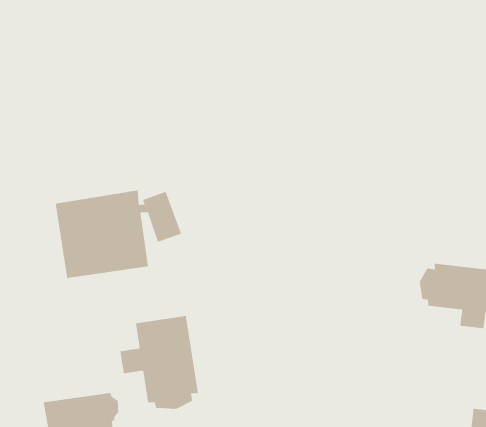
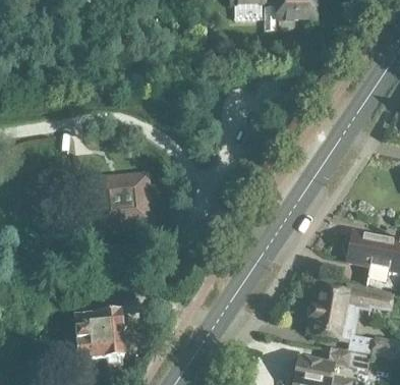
building: [120,315,198,410] -> none
building: none -> [306,283,381,339]

